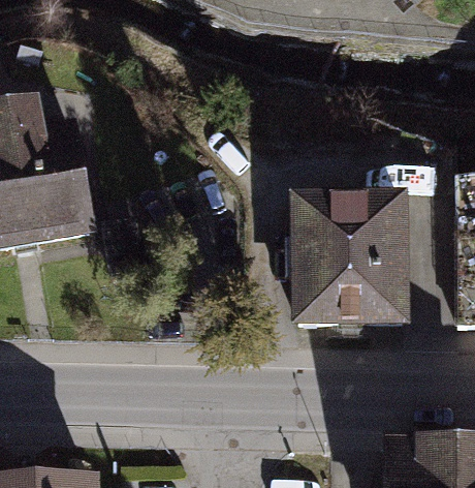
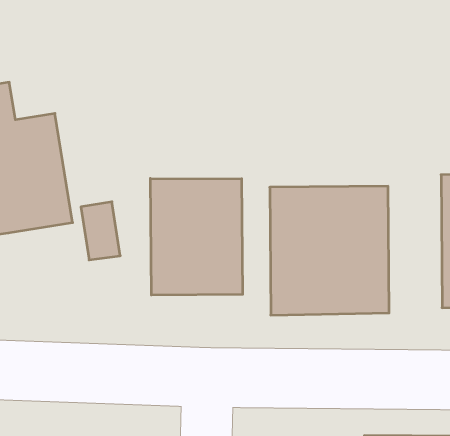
building: none -> [150,178,243,295]

